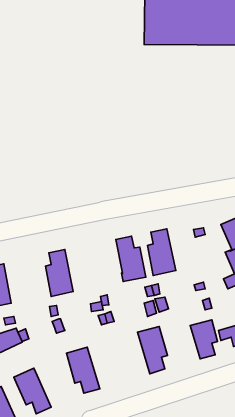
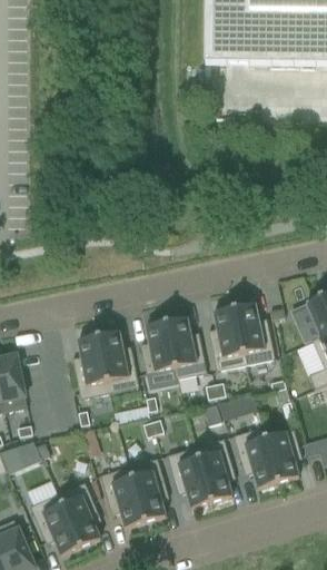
building: none -> [234,305,275,365]
building: none -> [140,324,175,375]
building: none -> [98,333,138,393]
building: none -> [232,429,278,490]
building: none -> [167,448,211,509]
building: none -> [128,459,168,523]
building: none -> [57,483,101,548]

